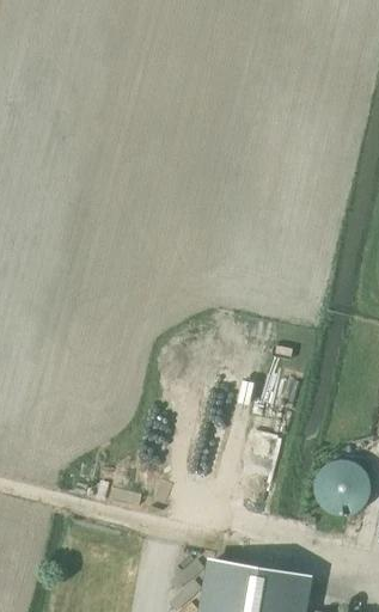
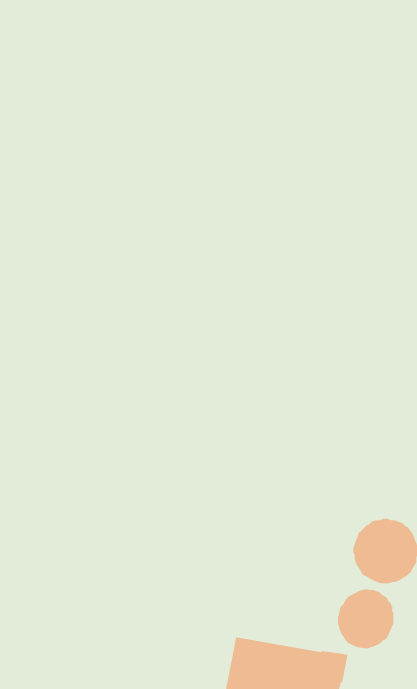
building: none -> [337,589,394,649]

